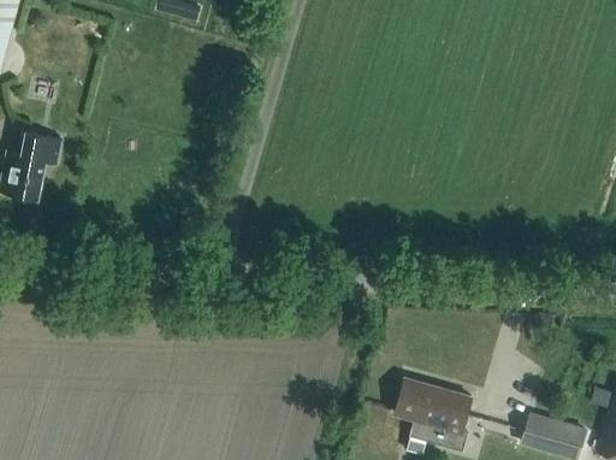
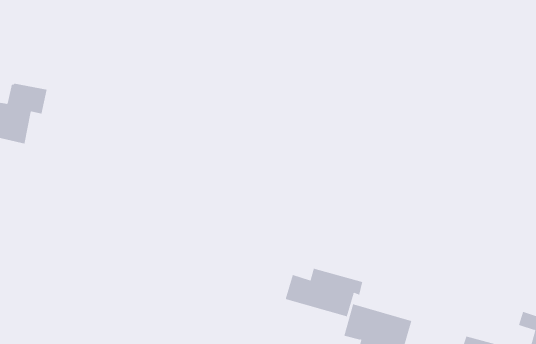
building: none -> [285,268,363,317]

